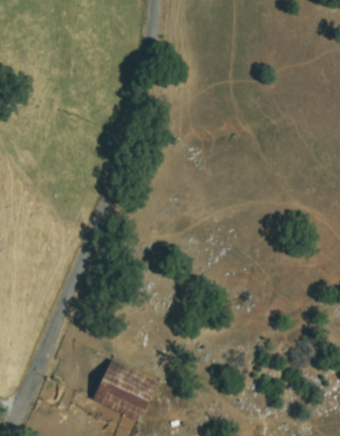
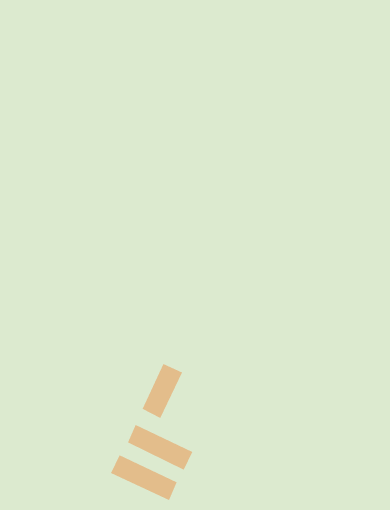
building: none -> [142,363,183,419]

